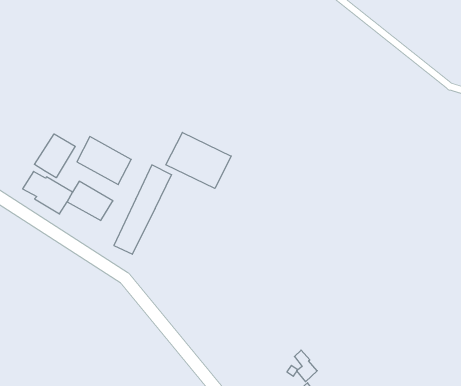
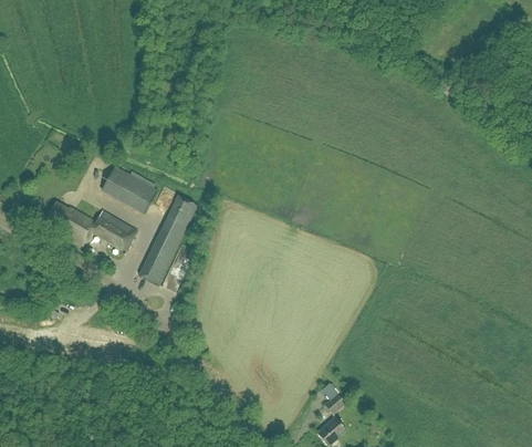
building: [166,132,231,188] -> none
building: [34,134,75,178] -> none

